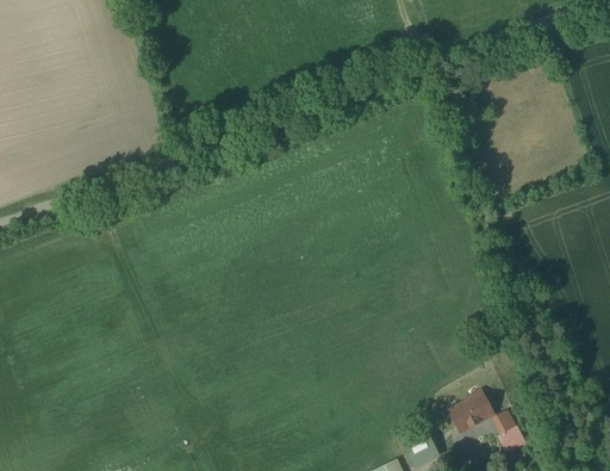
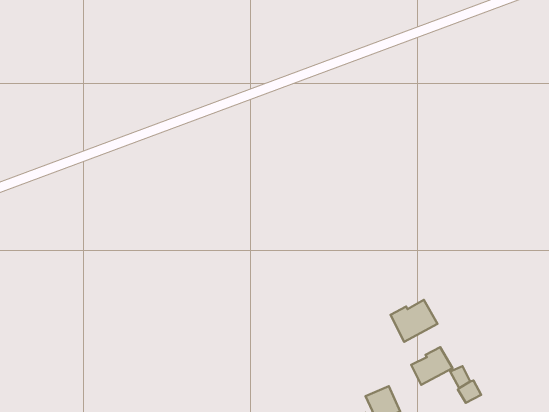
building: none -> [391,300,437,342]

